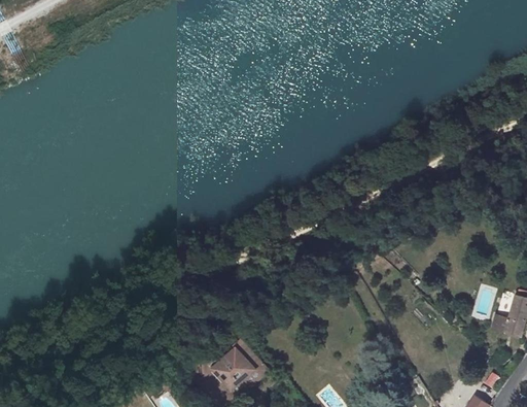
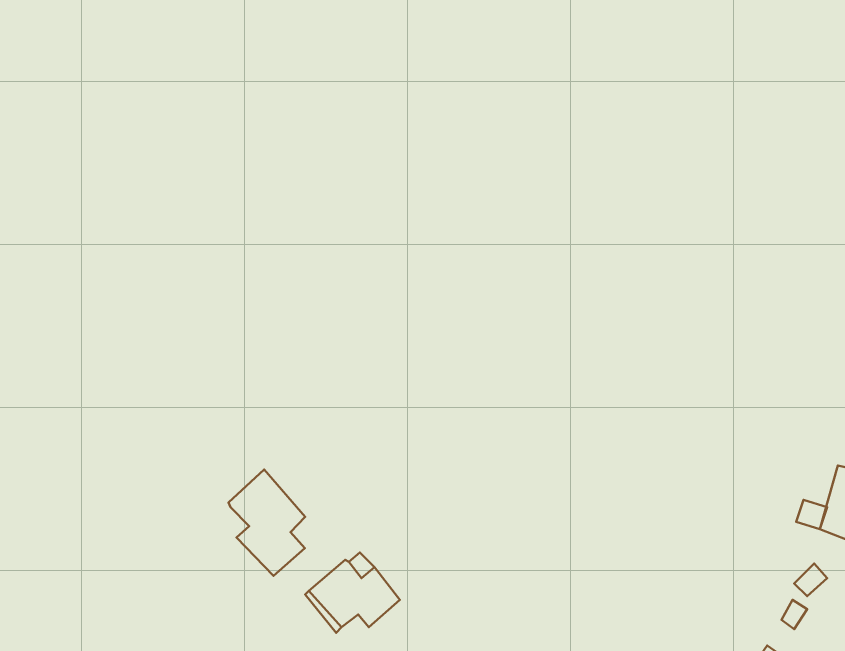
building: none -> [228,469,305,576]

